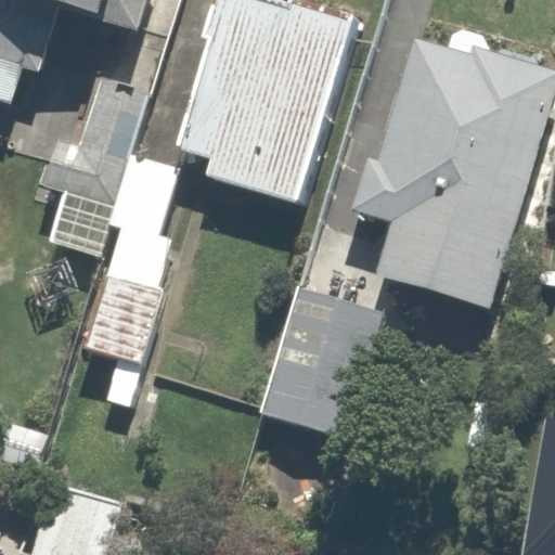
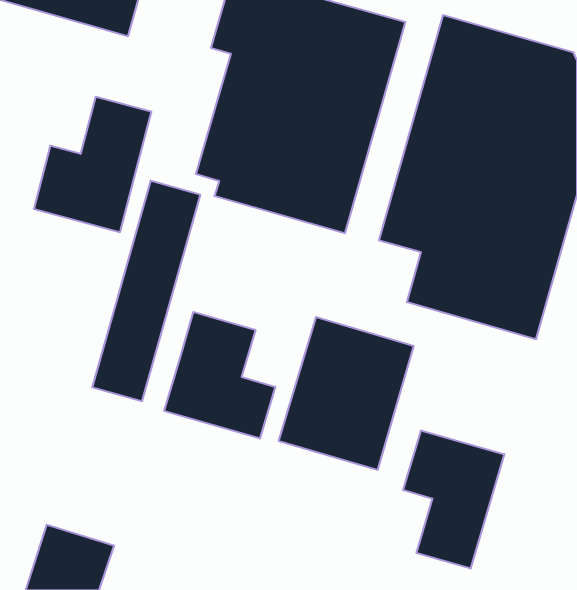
building: none -> [164,312,275,439]
building: none -> [403,430,504,569]

